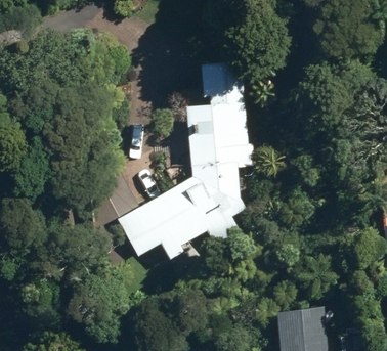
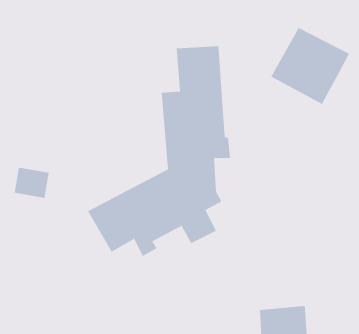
building: none -> [270,27,350,105]

